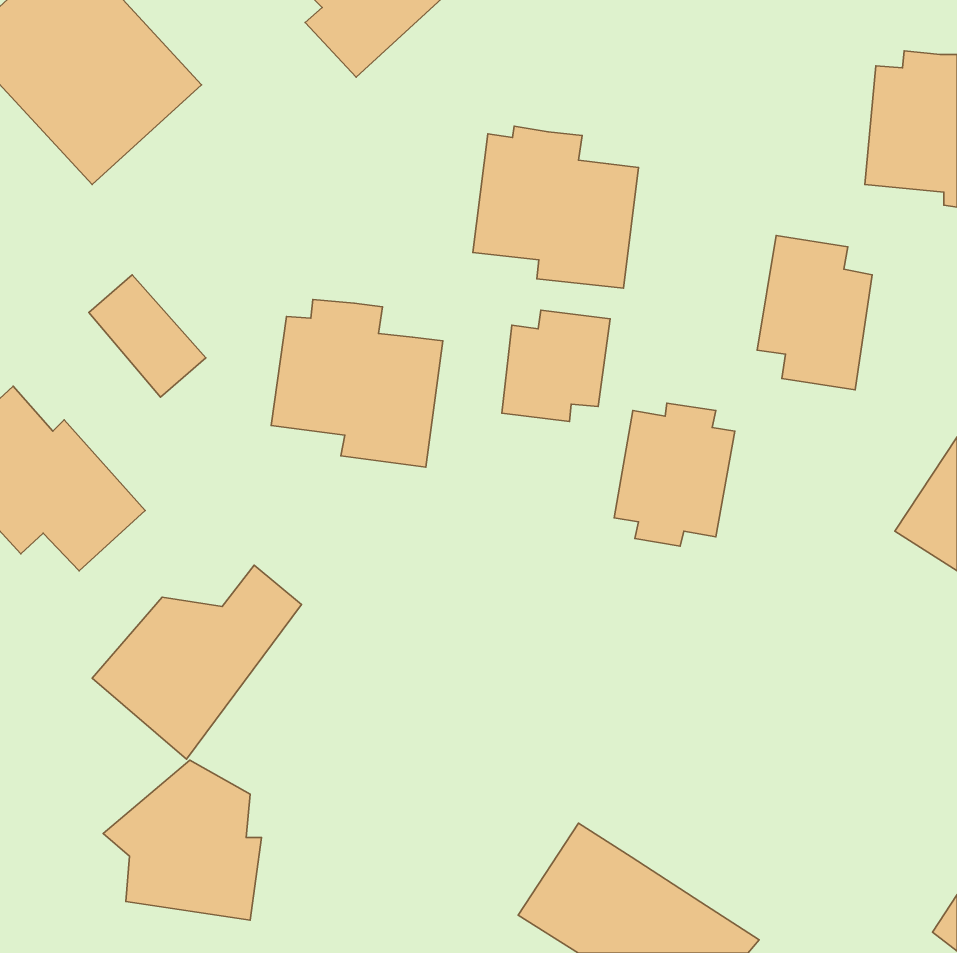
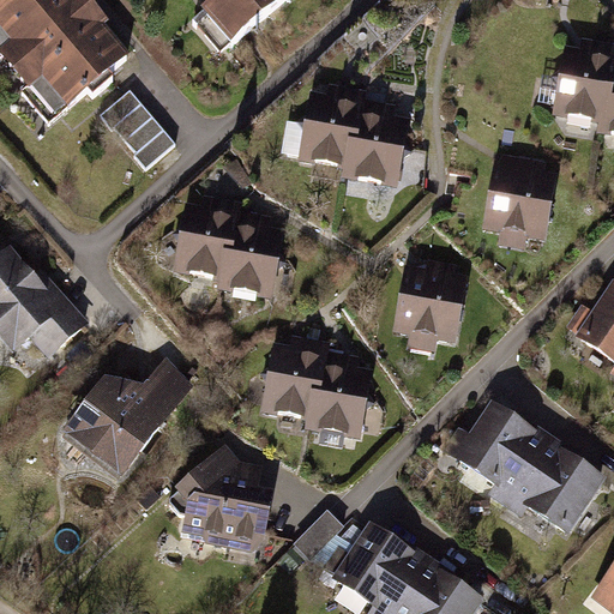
building: [89,275,206,397] -> [102,89,176,167]
building: [502,310,610,421] -> none
building: none -> [261,333,368,438]
building: none -> [455,405,604,532]
building: [103,760,261,920] -> [169,445,270,547]
building: none -> [295,504,356,560]

